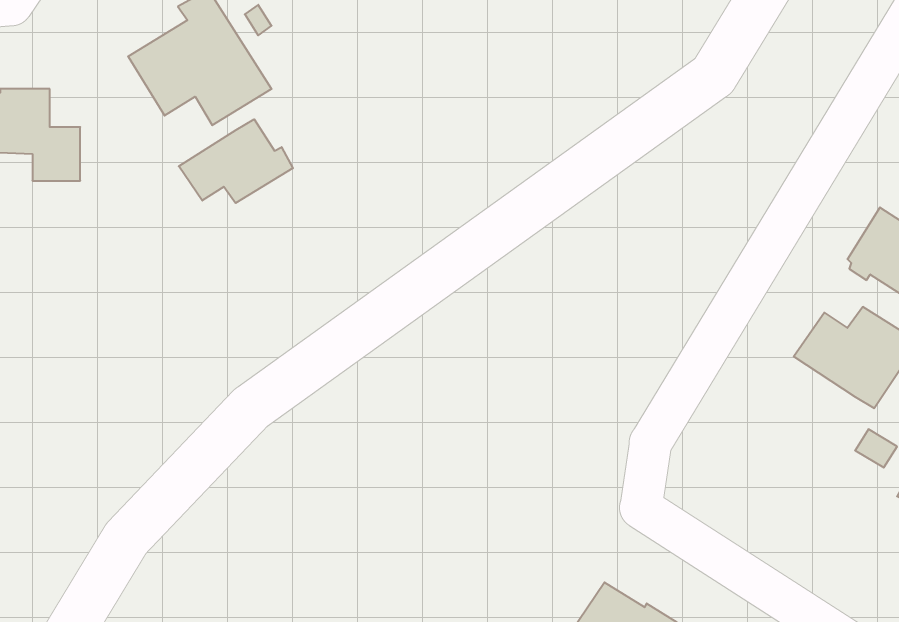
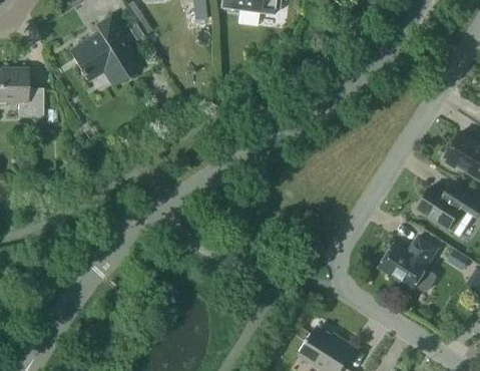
building: [179,119,293,203] -> none
building: none -> [380,236,439,292]

